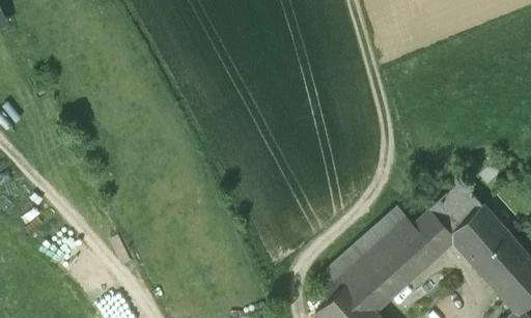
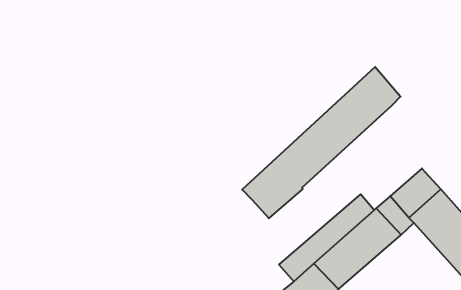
building: none -> [242,67,401,218]

